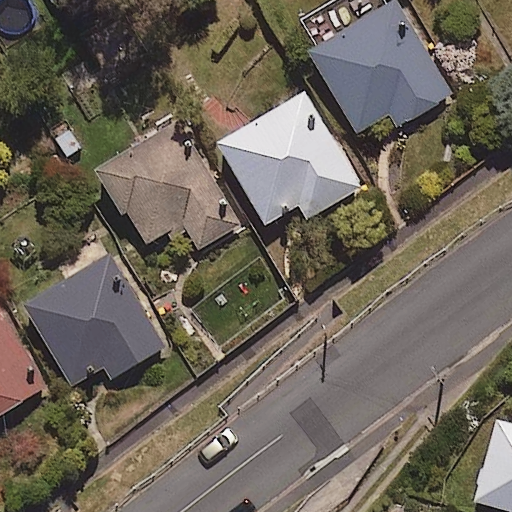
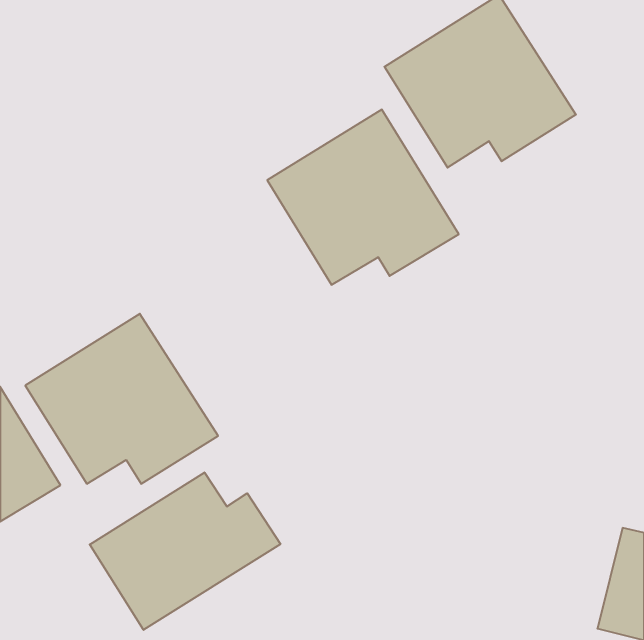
building: [93,118,245,253] -> none
building: none -> [90,472,280,630]

